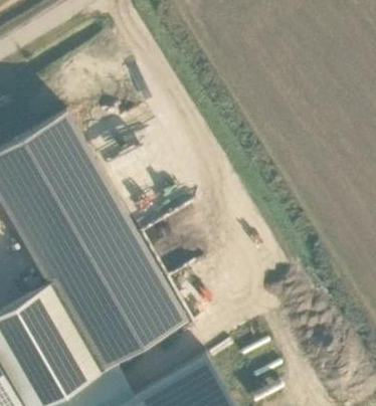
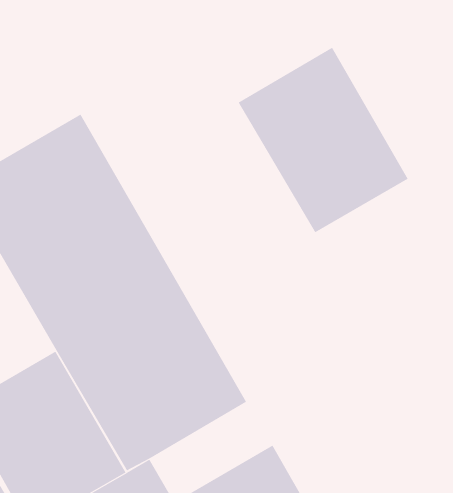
building: none -> [238,47,409,233]

